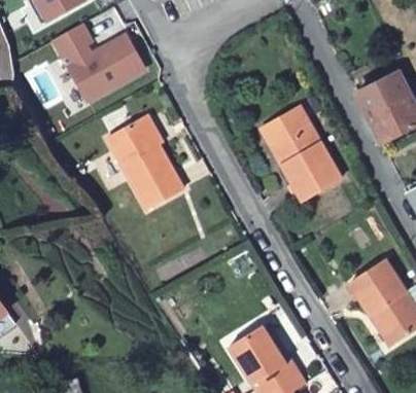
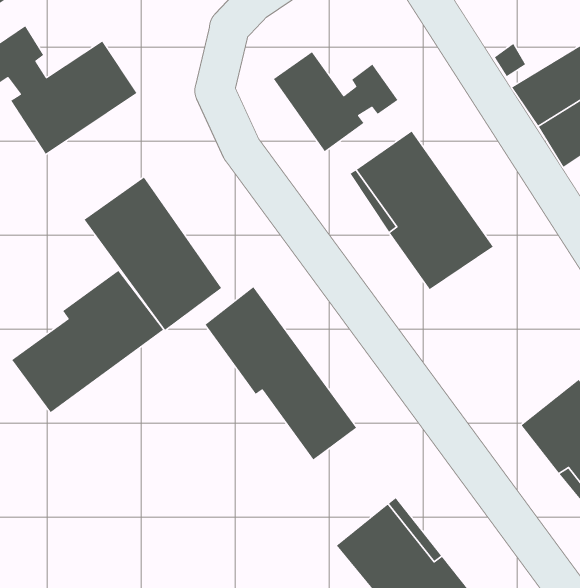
building: none -> [273,51,398,152]
building: none -> [11,270,164,413]
building: none -> [204,286,357,460]

